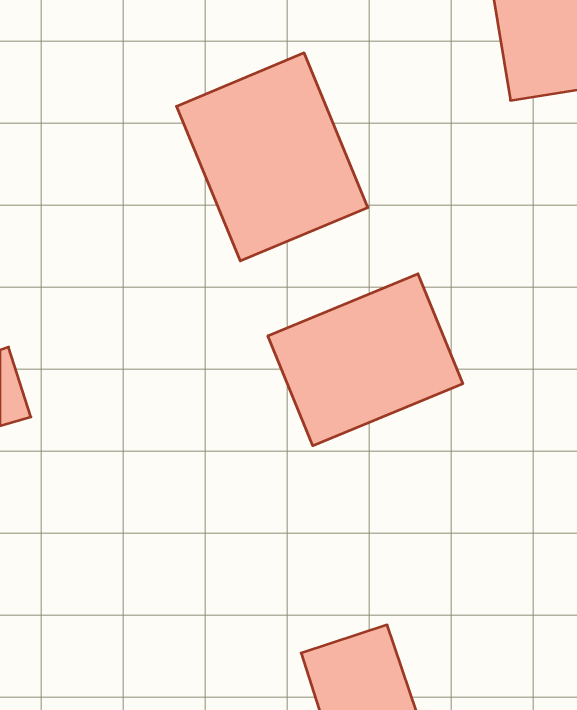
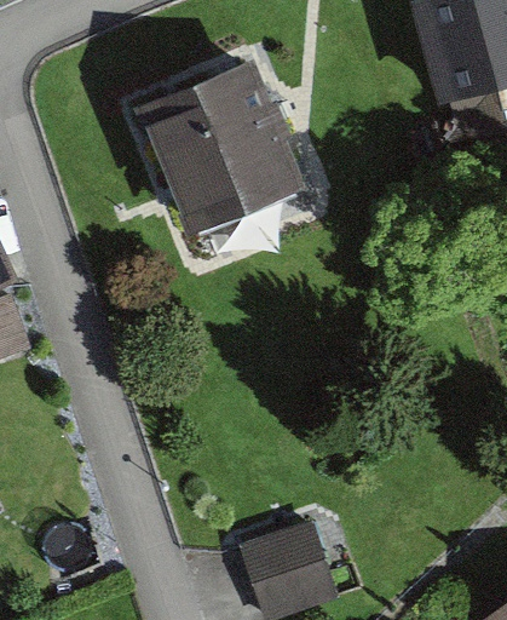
building: [268,274,463,446] -> none

